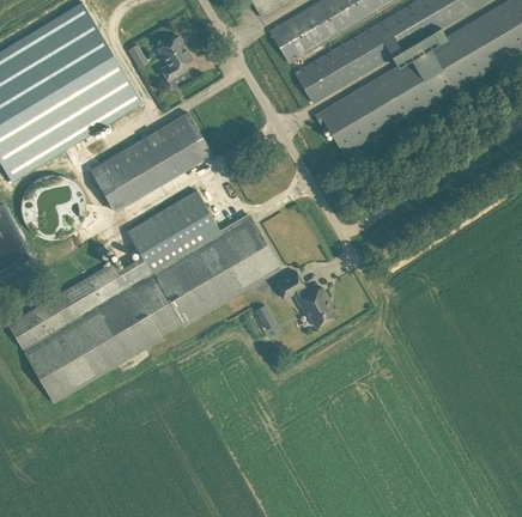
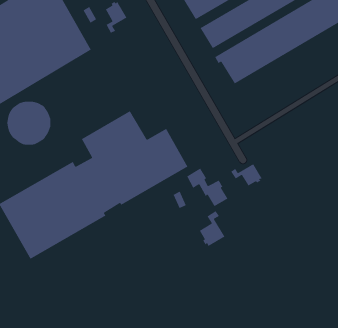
building: [89,111,214,211] -> none
building: none -> [230,163,263,186]
building: none -> [199,210,225,247]

